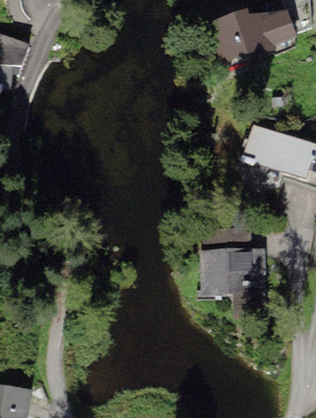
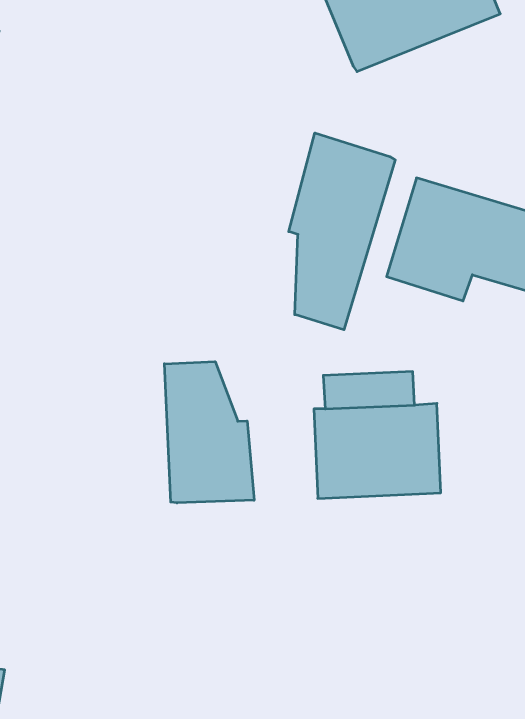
building: none -> [289,133,395,330]
building: none -> [164,362,254,503]

